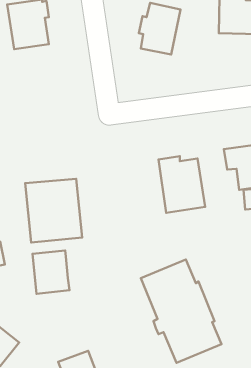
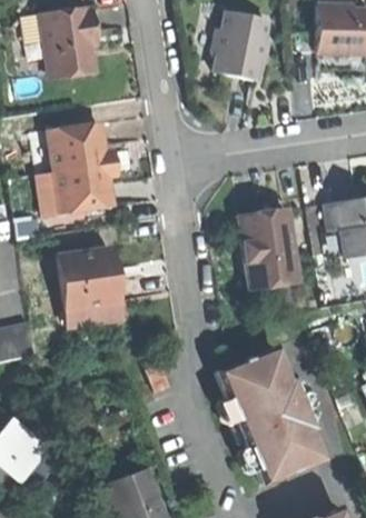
building: none -> [40,117,127,215]
building: [33,251,70,294] -> none

